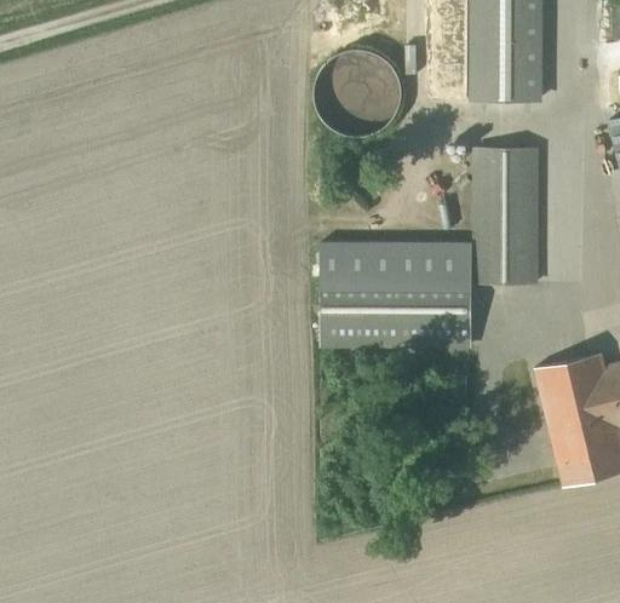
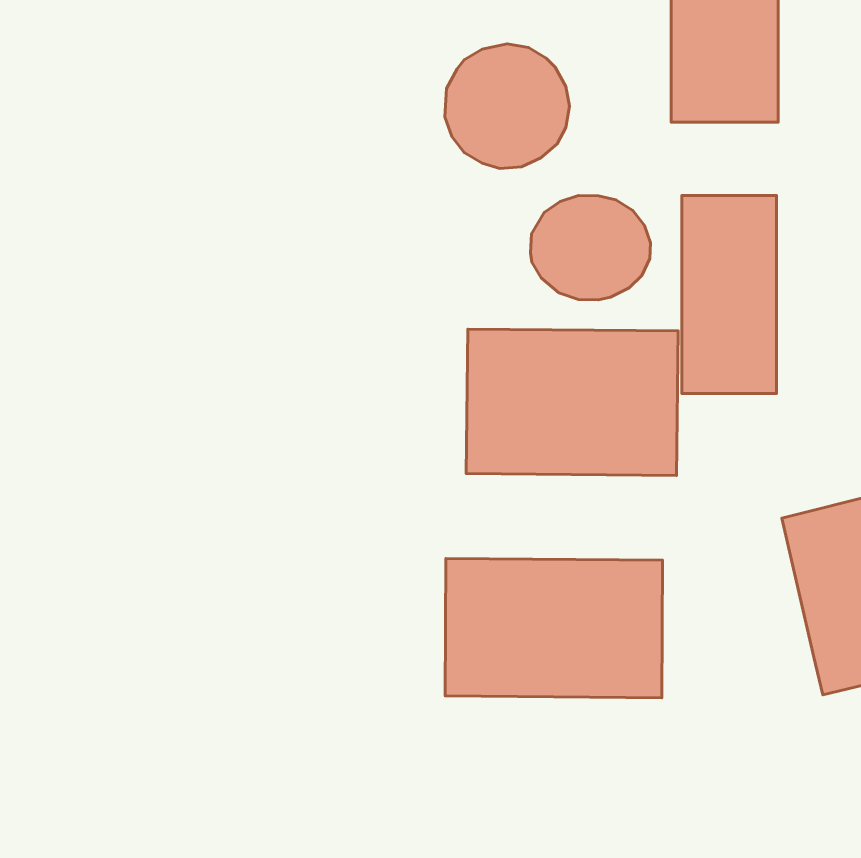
building: none -> [530,196,650,300]
building: none -> [445,558,662,698]

